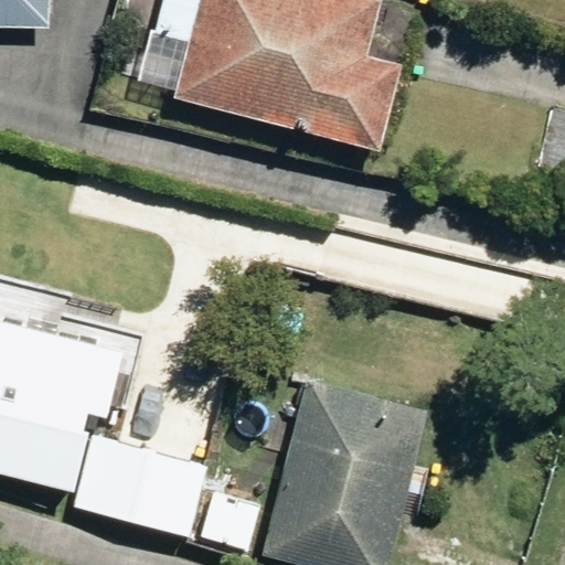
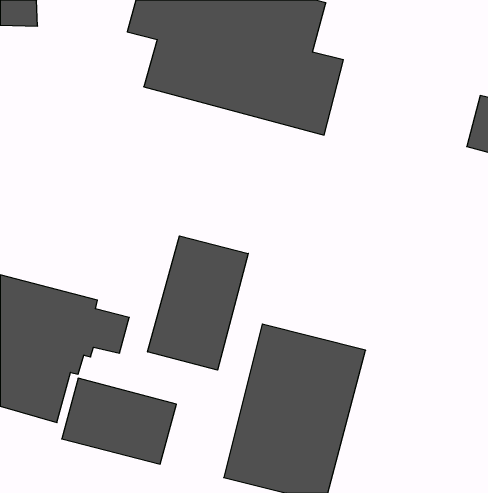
building: none -> [148,236,248,370]

